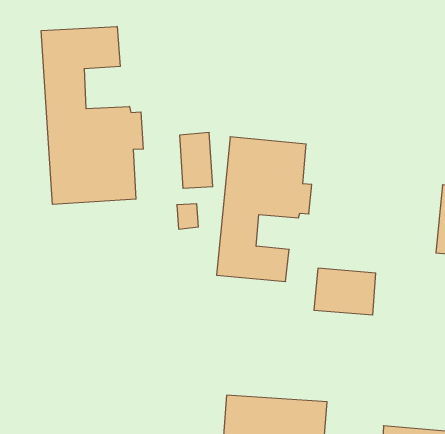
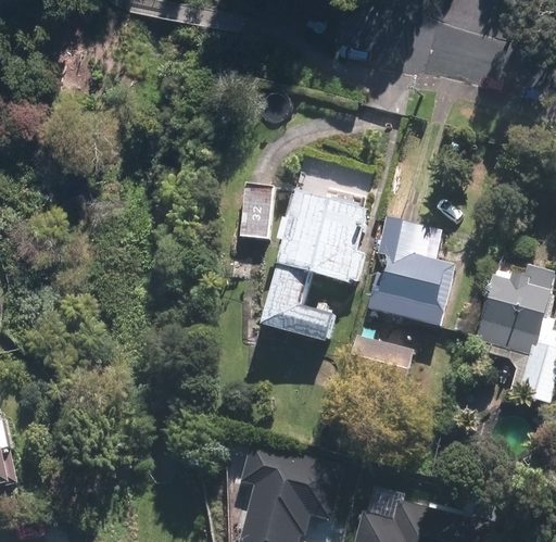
building: [41,26,143,204] -> none
building: none -> [368,216,455,325]

